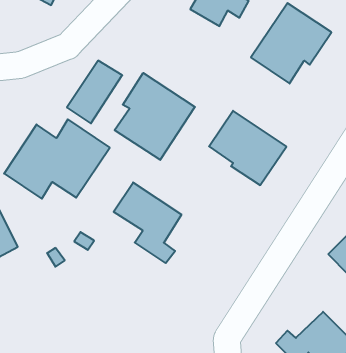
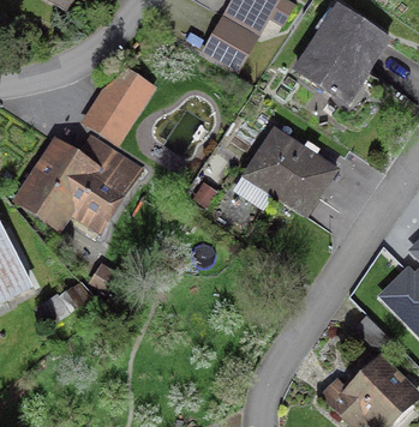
building: none -> [205,19,255,68]
building: [115,73,195,160] -> none
building: [114,182,181,263] -> none

